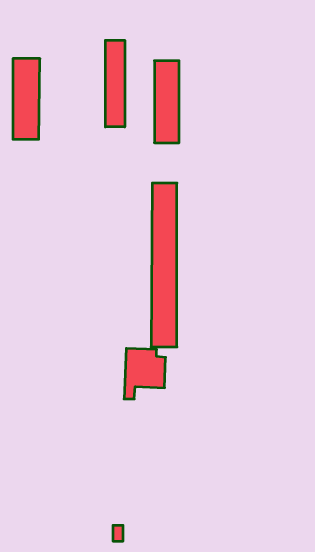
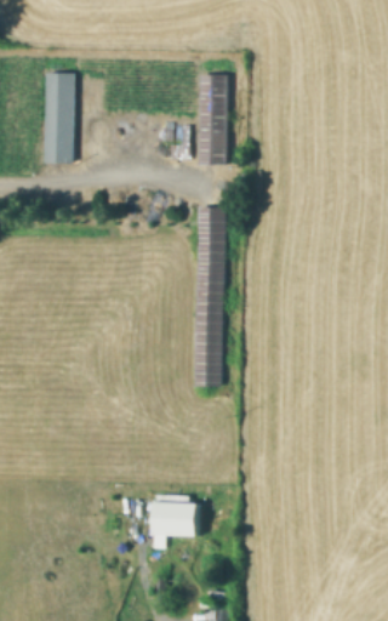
building: [105,40,125,127] -> none
building: [124,348,166,399] -> [149,494,194,548]

